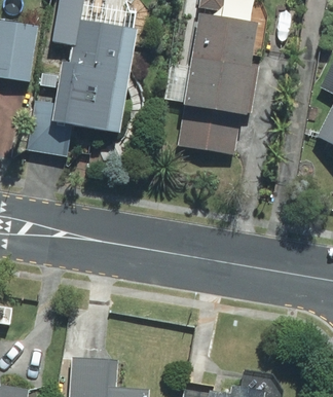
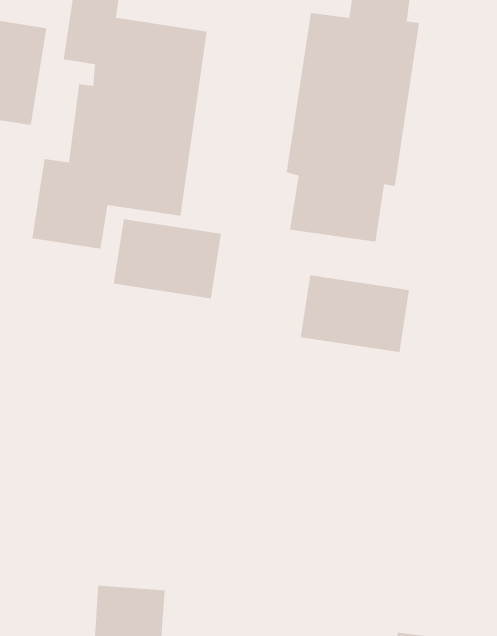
building: none -> [113,218,221,299]
building: none -> [300,275,409,353]

